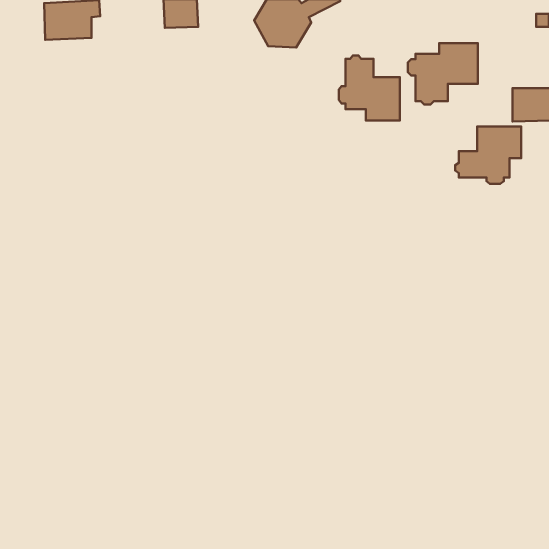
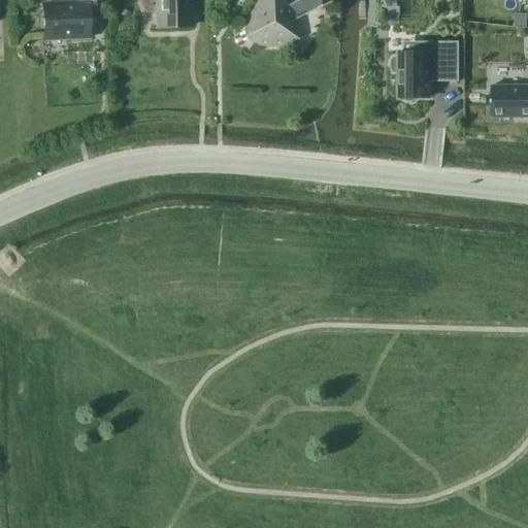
building: [339,55,400,121] -> none
building: [455,126,521,184] -> none

